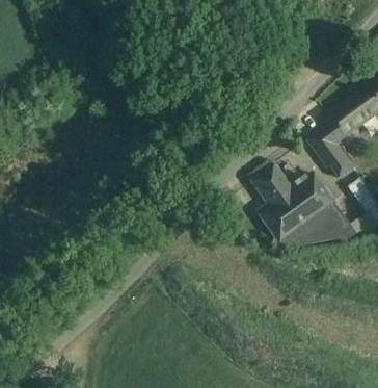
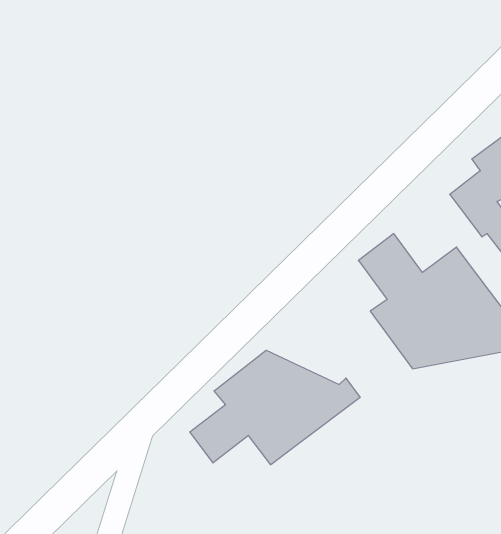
building: none -> [190,350,360,465]

